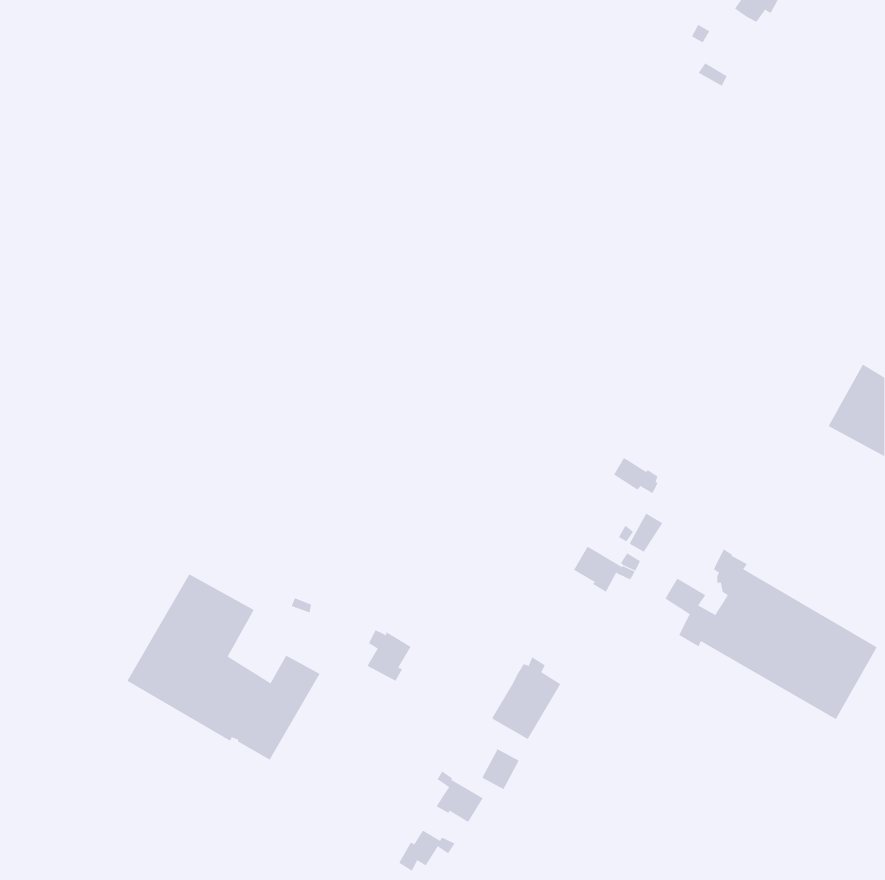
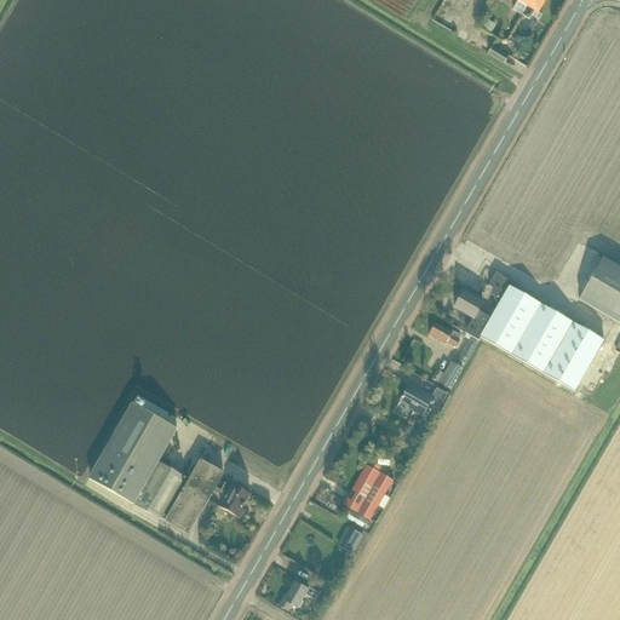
building: [665,548,878,720] -> [455,269,604,389]
building: [366,629,411,681] -> [219,480,251,516]
building: [436,770,483,823] -> none

